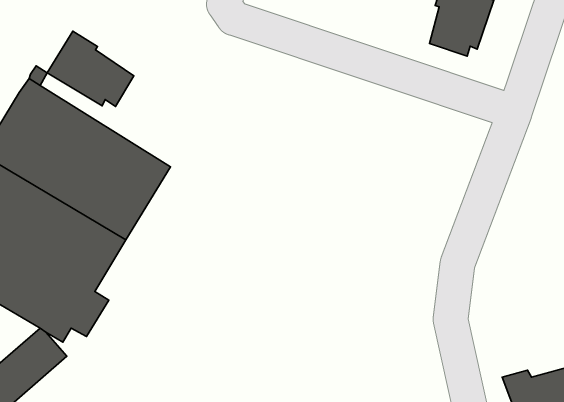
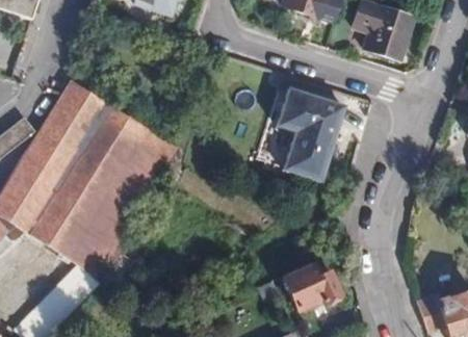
building: [47,31,134,106] -> none
building: none -> [277,86,345,181]
building: none -> [282,267,338,311]

